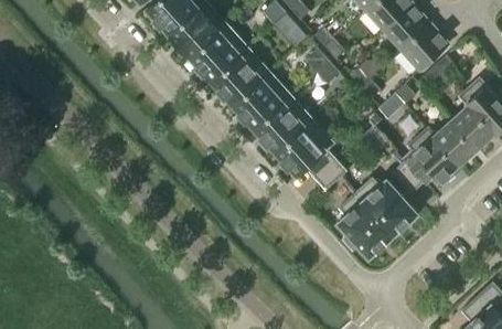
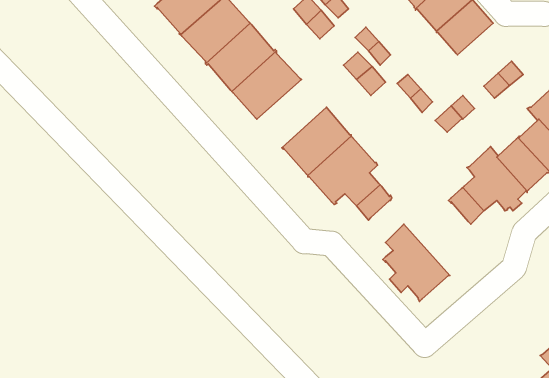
building: [400,24,449,72] -> none
building: [232,72,290,129] -> none
building: [355,179,418,236] -> none

